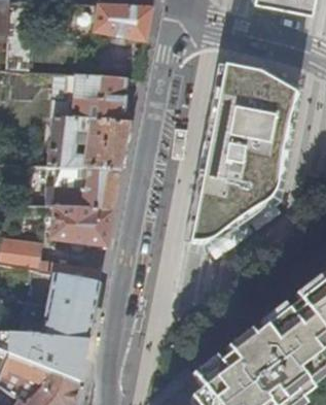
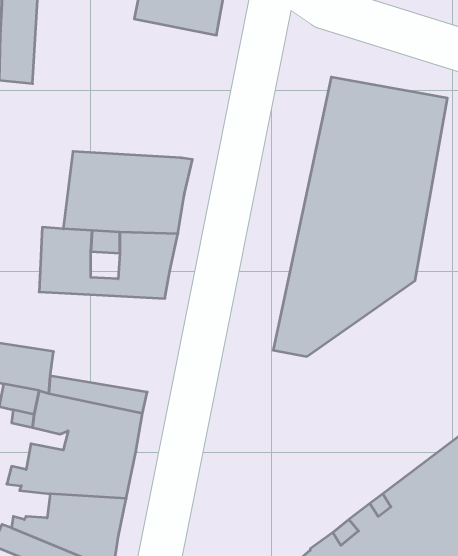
building: [52,75,129,121] -> none
building: [50,207,114,246] -> none

